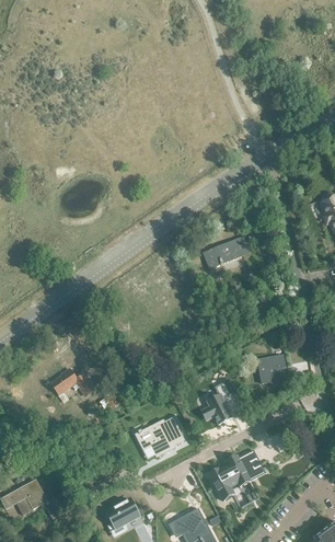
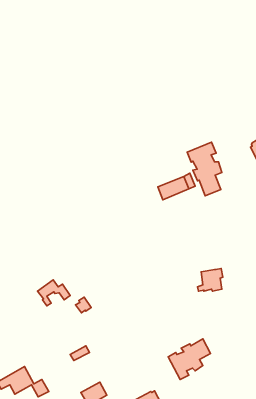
building: none -> [187,142,222,196]
building: [206,383,238,424] -> none
building: [135,418,183,457] -> none

